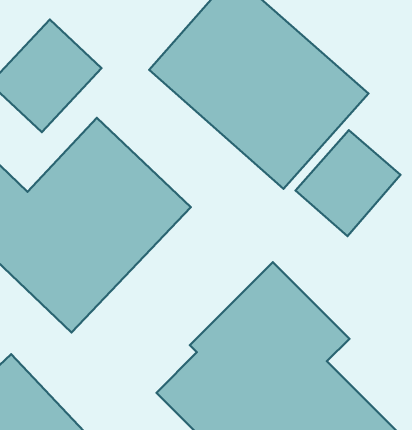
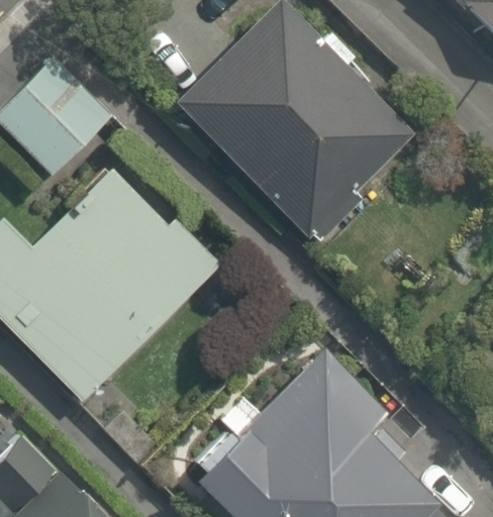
building: [296,130,401,236] -> none

